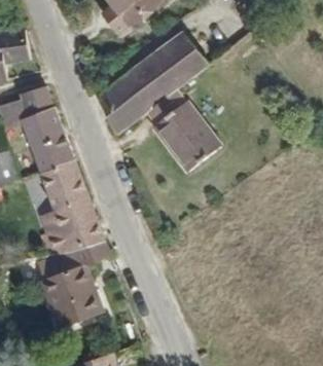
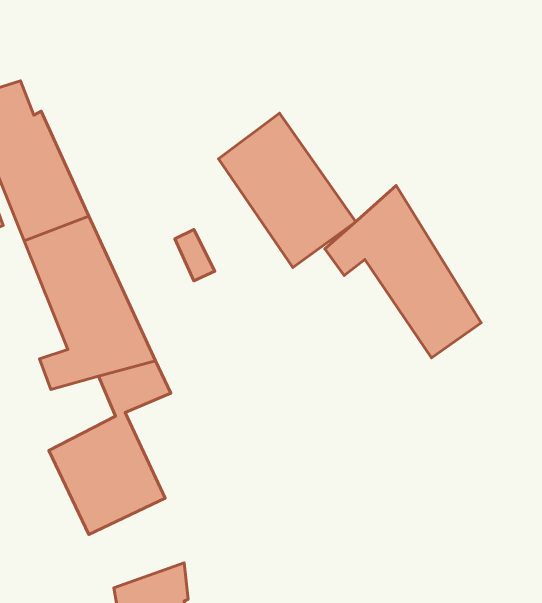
building: [94,44,204,146] -> none
building: none -> [325,185,481,358]

